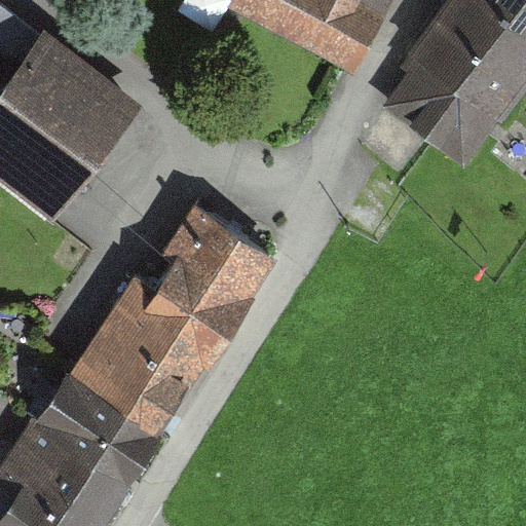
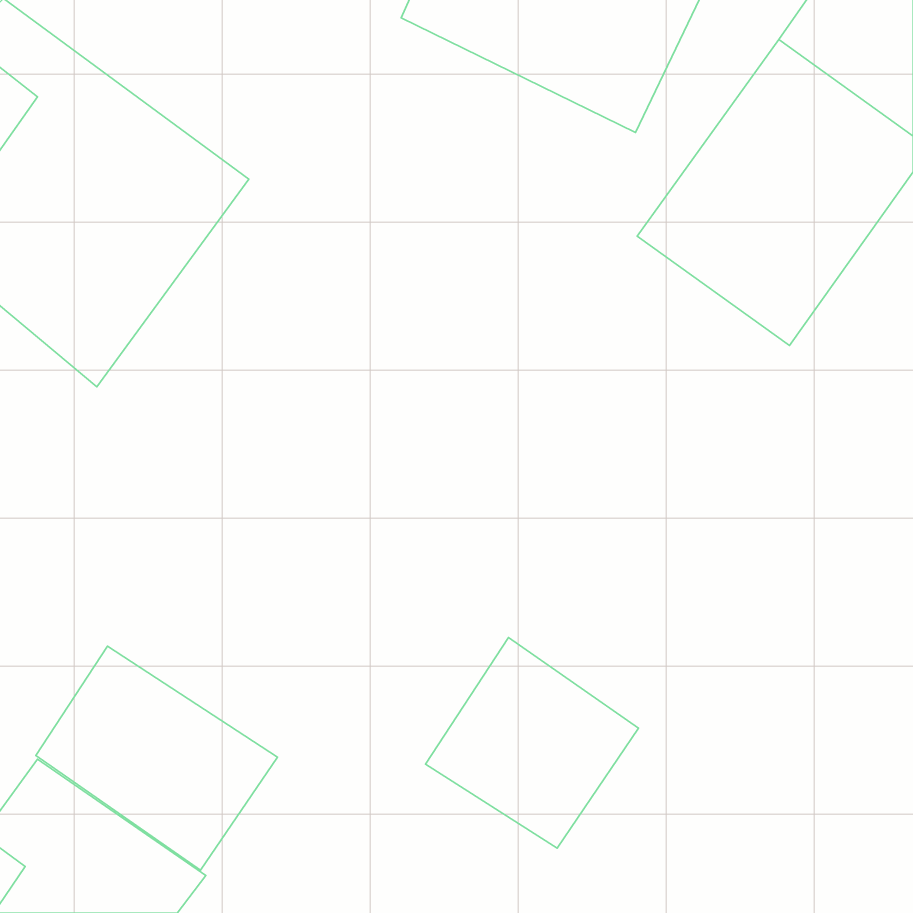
building: [65,205,273,431] -> none
building: none -> [425,637,638,848]

